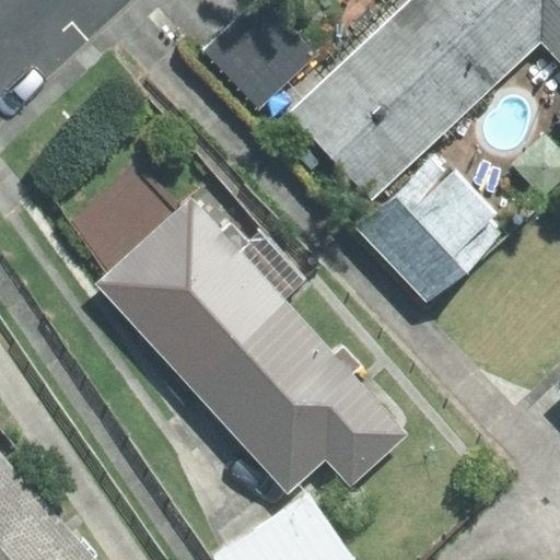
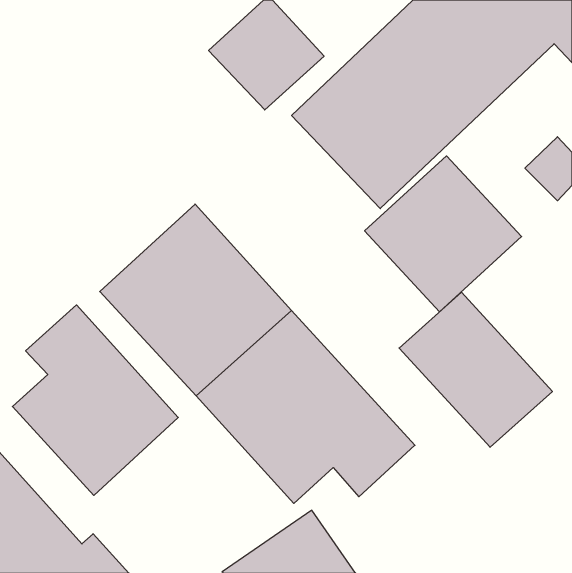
building: none -> [399,292,552,447]
building: none -> [12,305,178,495]

